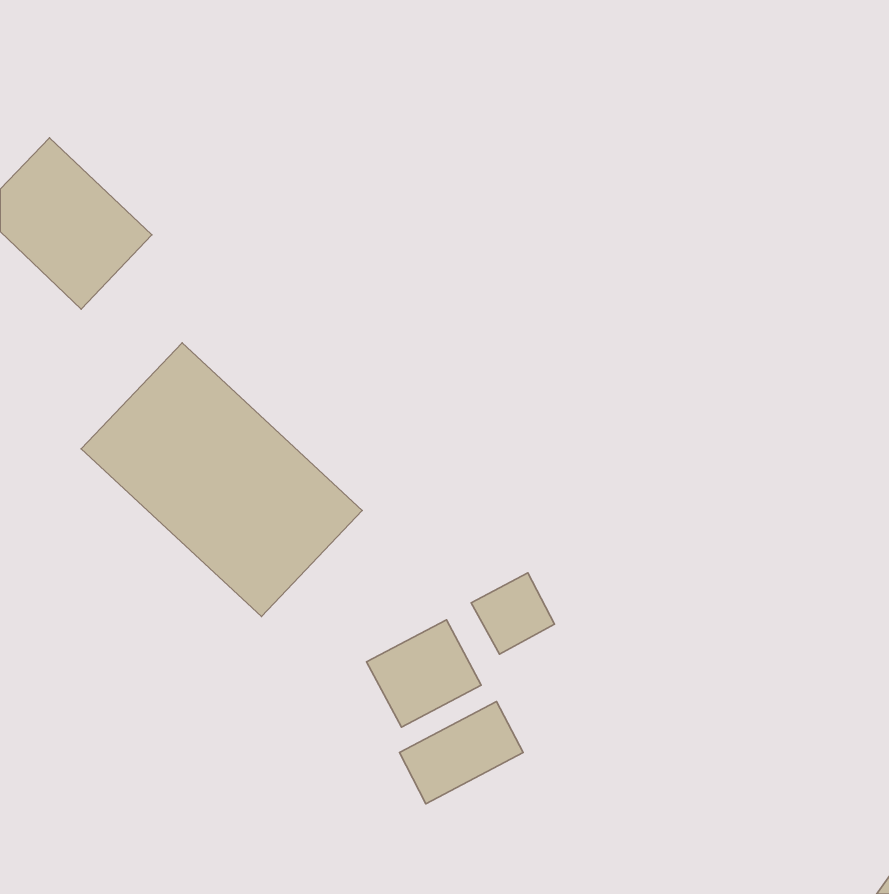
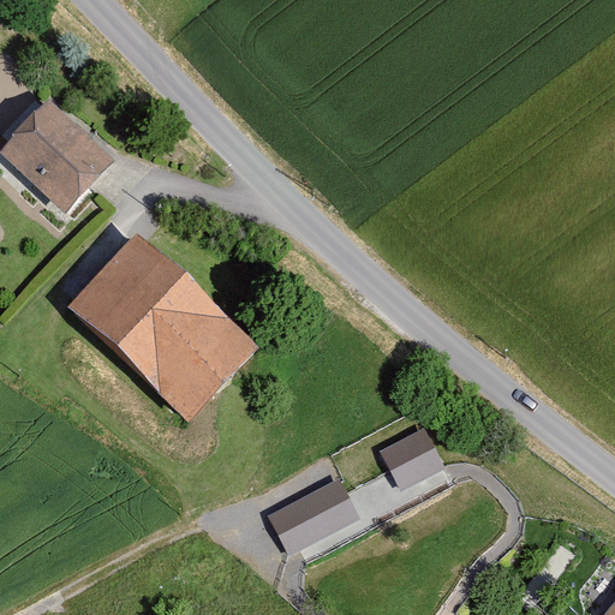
building: [471,573,554,654] -> [394,426,450,482]
building: [367,620,481,727] -> none

